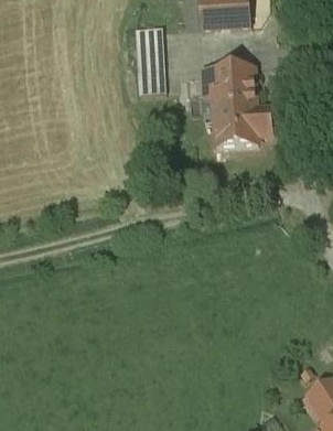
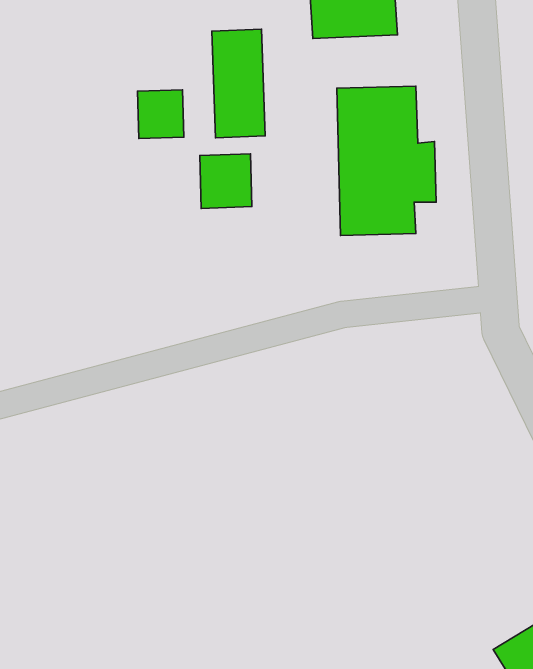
building: none -> [138,90,184,139]
building: none -> [200,154,252,208]

